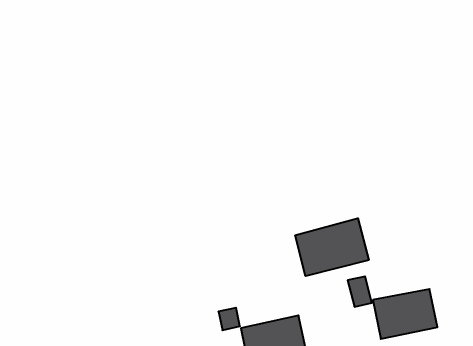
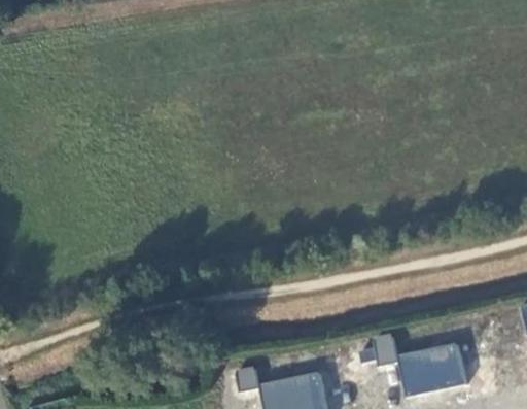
building: [295,218,369,276] -> none

